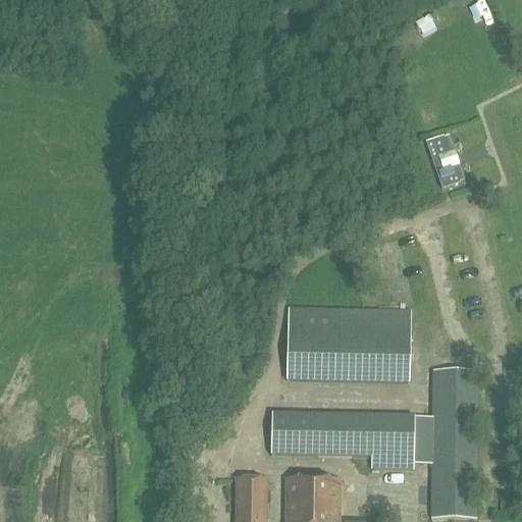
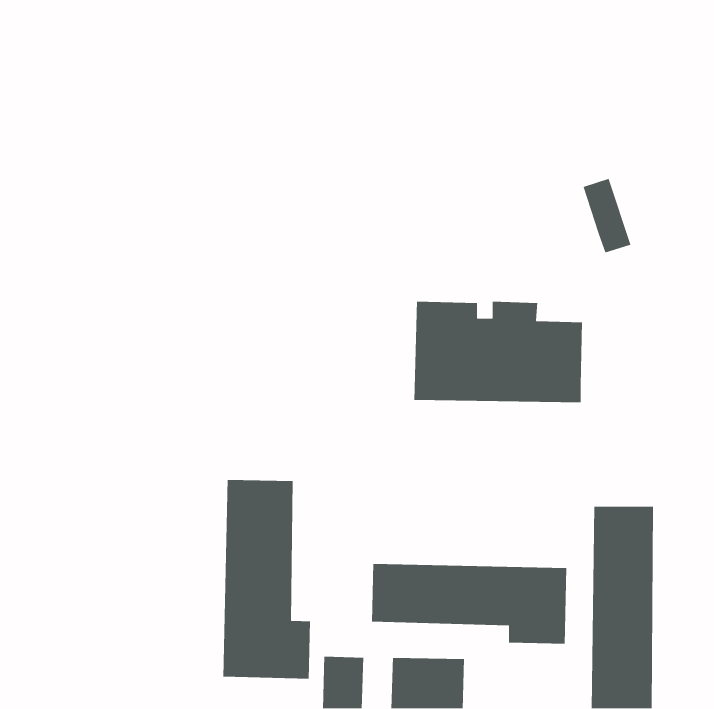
building: [286,306,410,380] -> [413,301,583,403]
building: none -> [222,479,311,679]

